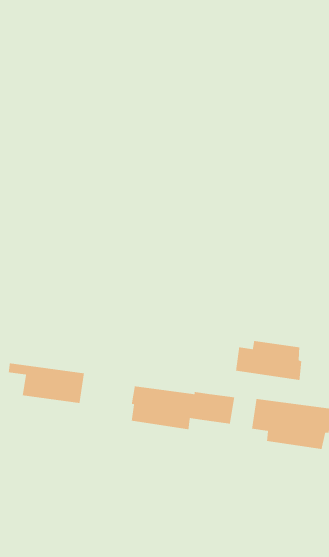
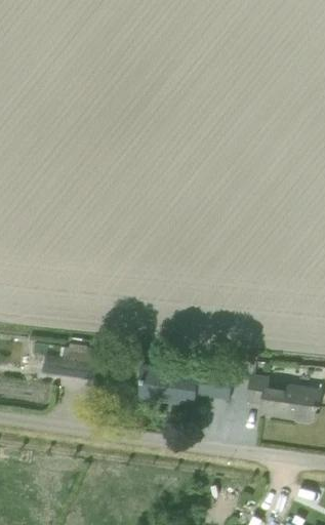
building: [235,340,302,381] -> none

